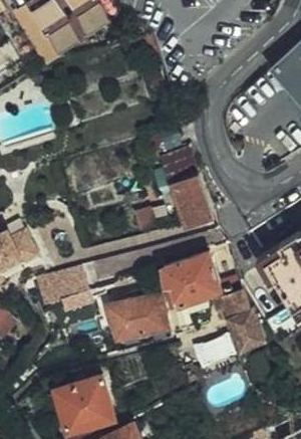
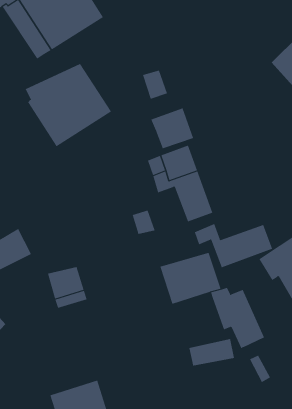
building: none -> [25,63,112,147]
building: none -> [151,108,194,149]
building: none -> [194,223,273,268]
building: [107,293,168,337] -> none

